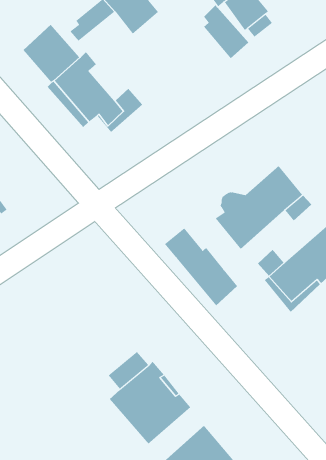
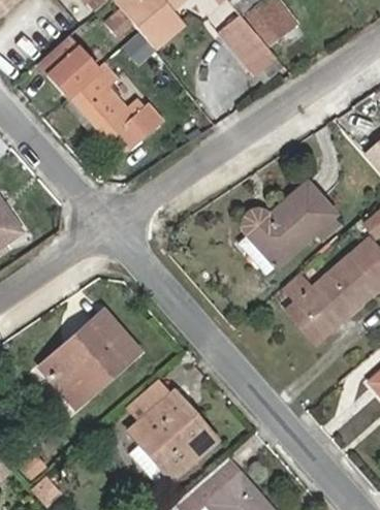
building: [164,228,238,306] -> none
building: none -> [42,311,137,405]

